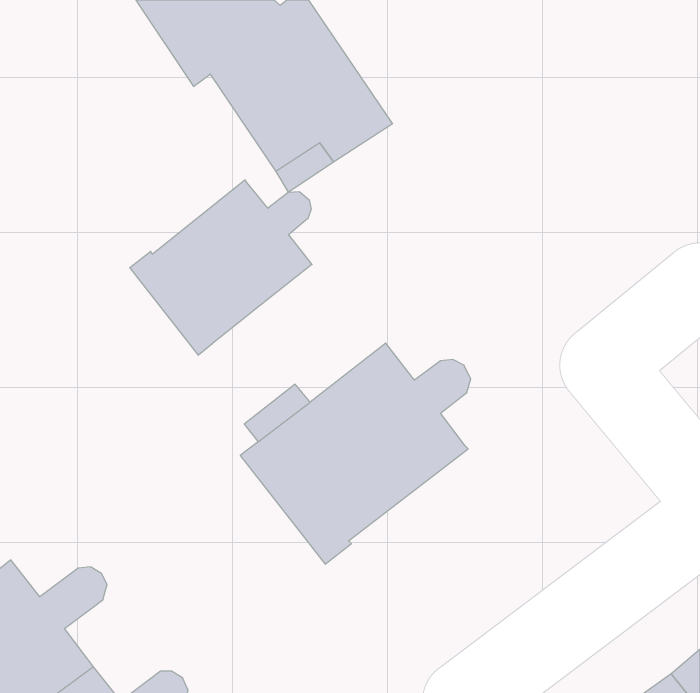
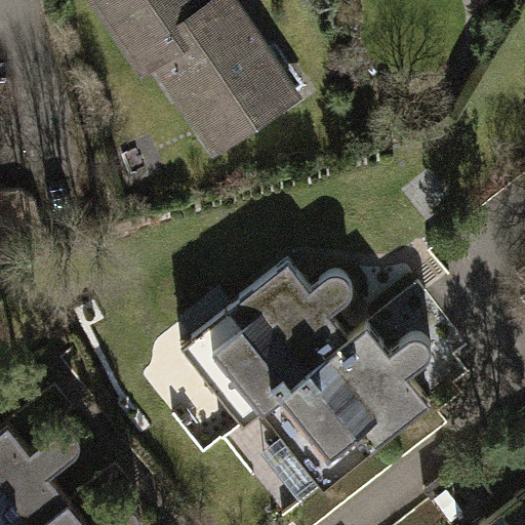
building: [130,180,312,355] -> none
building: none -> [260,325,433,490]

